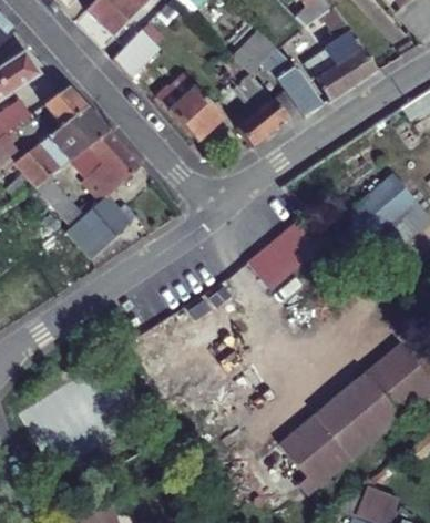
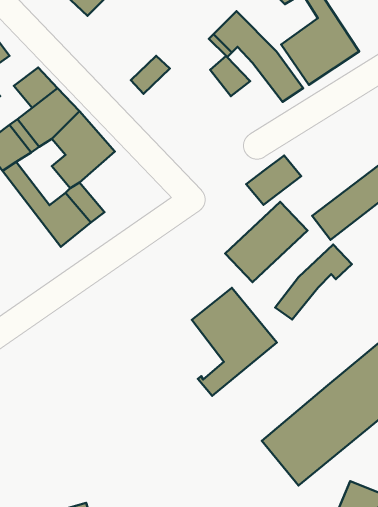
building: [112,25,158,75] -> none
building: [167,85,223,140] -> none
building: [234,98,287,145] -> [246,155,301,205]
building: none -> [275,245,352,319]
building: none -> [192,288,277,396]

